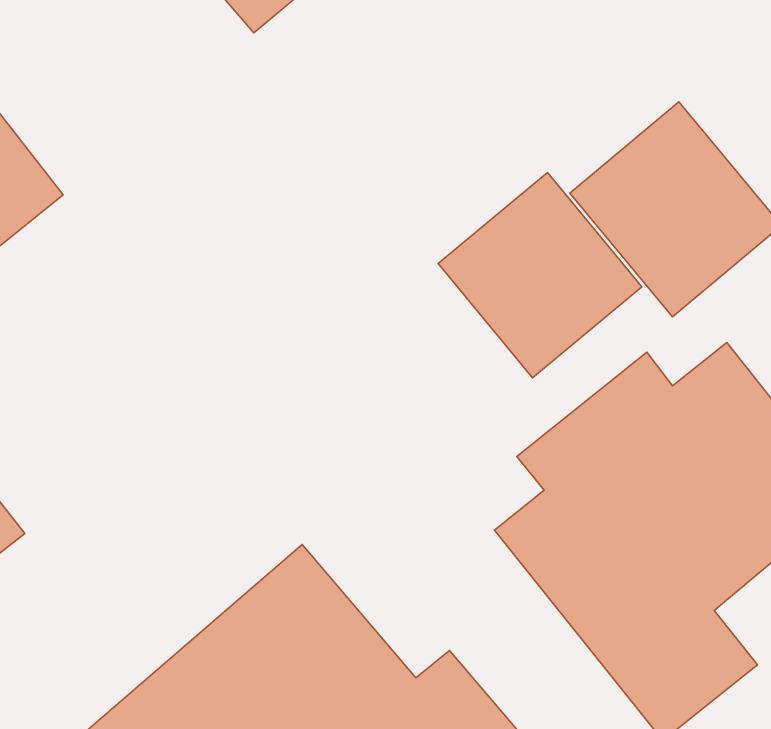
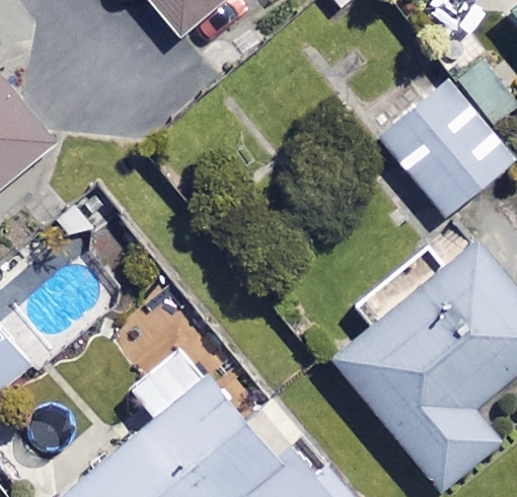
building: [438,173,642,378] -> none

